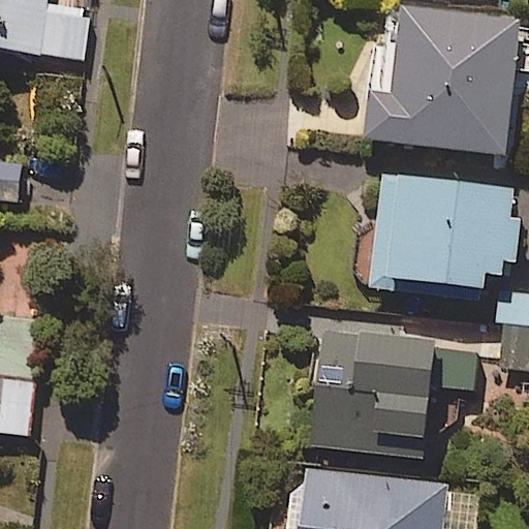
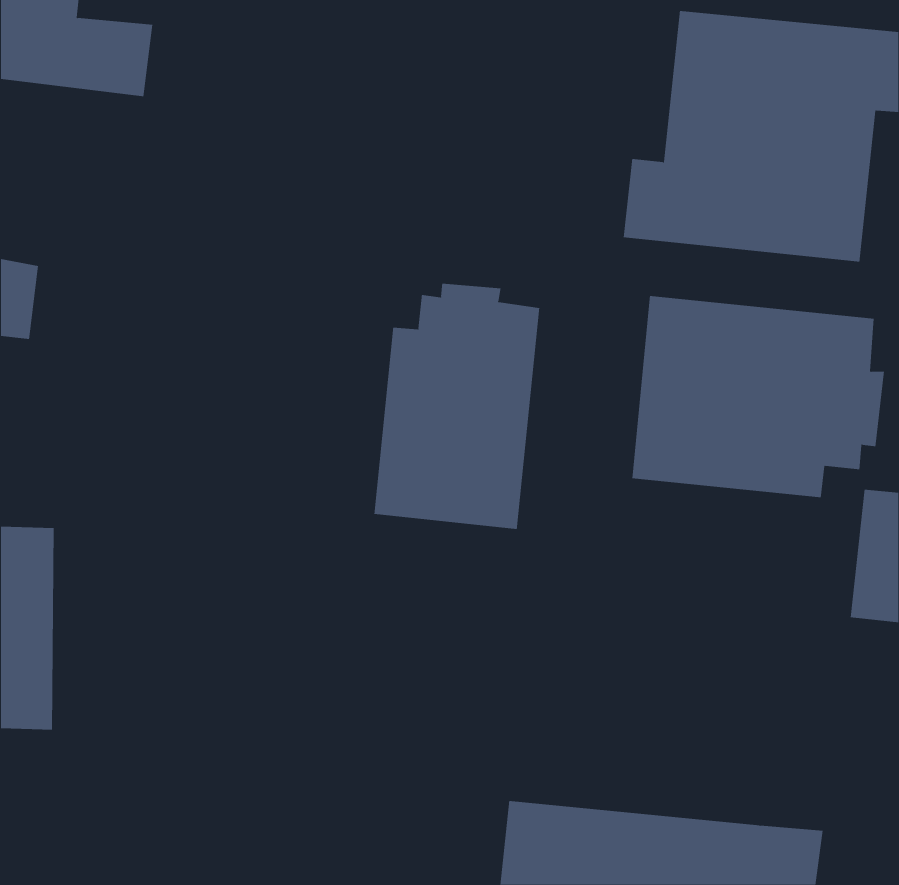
building: none -> [374,283,540,530]
building: [309,322,478,452] -> none

